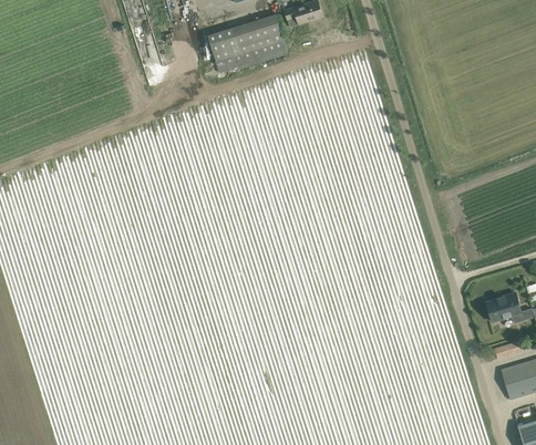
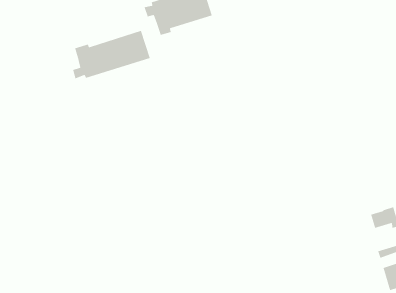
building: none -> [72,30,151,80]

